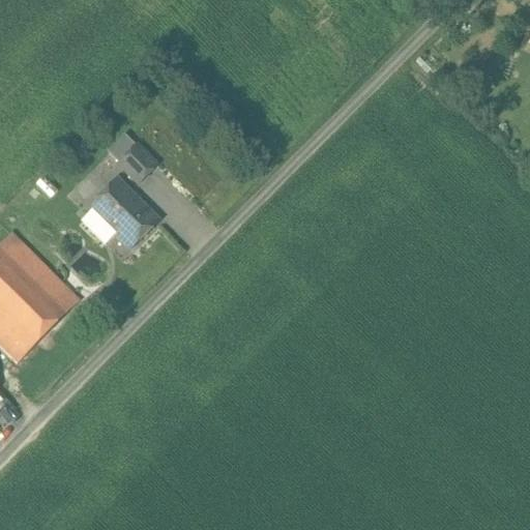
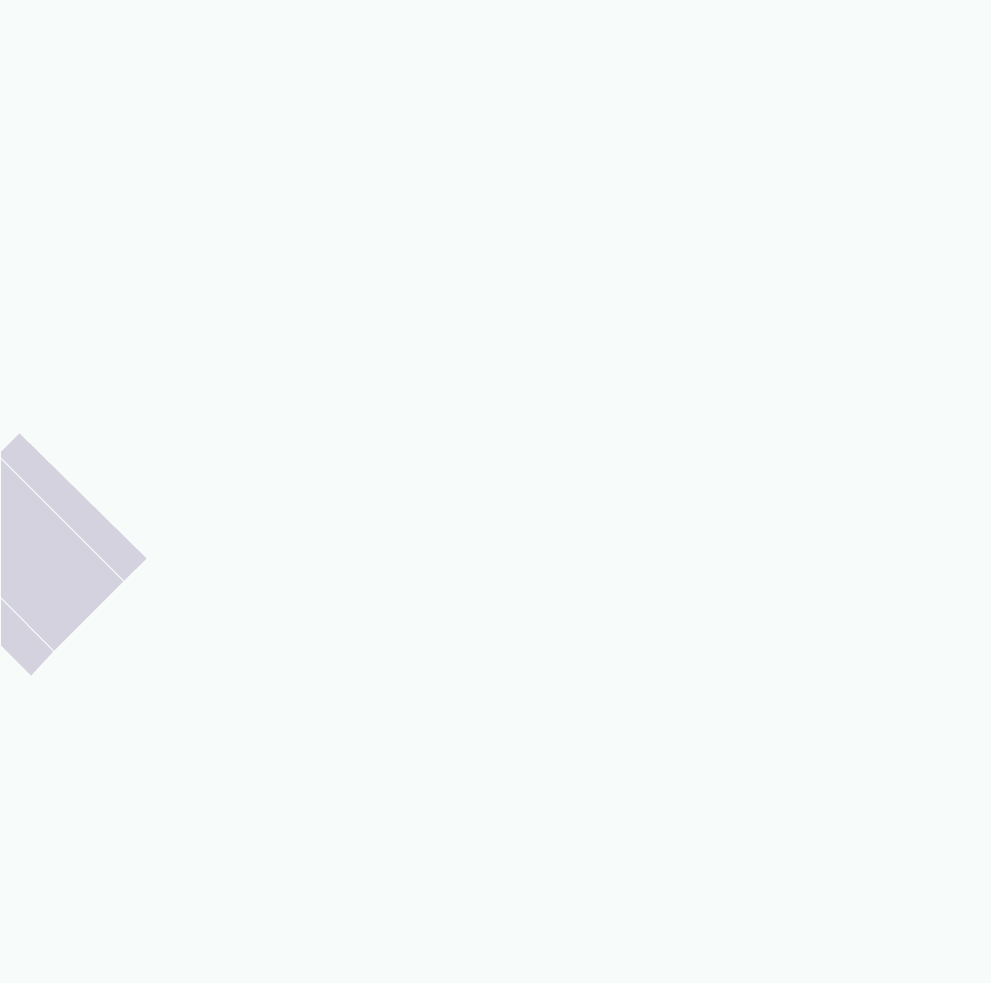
building: [109,132,156,181] -> none
building: [82,177,158,245] -> none

